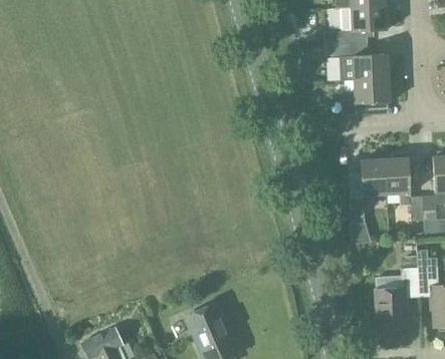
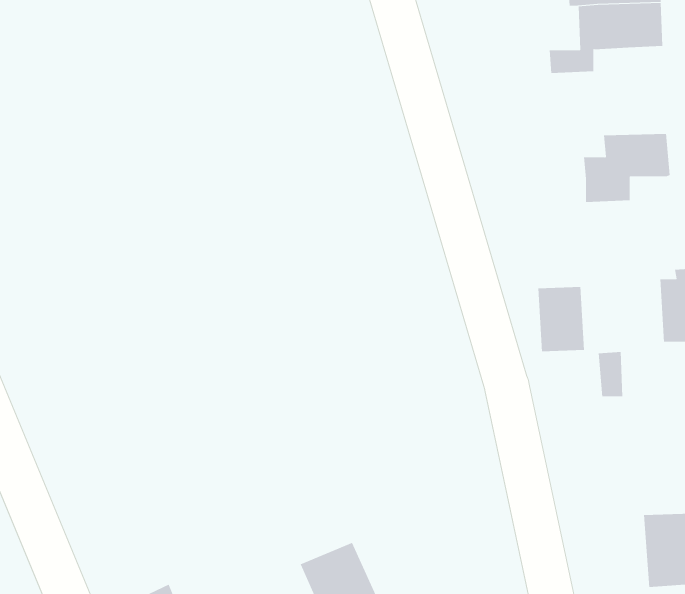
building: [324,43,389,79] -> none
building: [361,157,387,194] -> [538,287,585,352]

